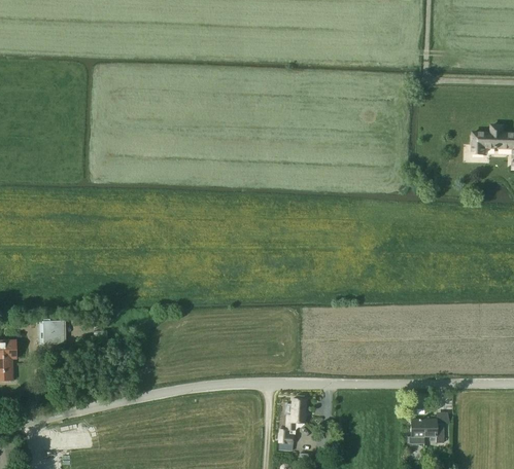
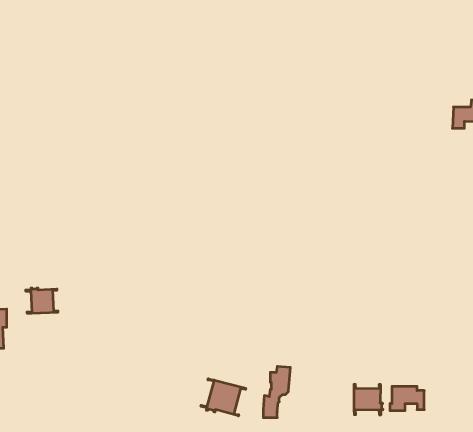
building: none -> [201,379,246,416]
building: none -> [354,384,383,415]

